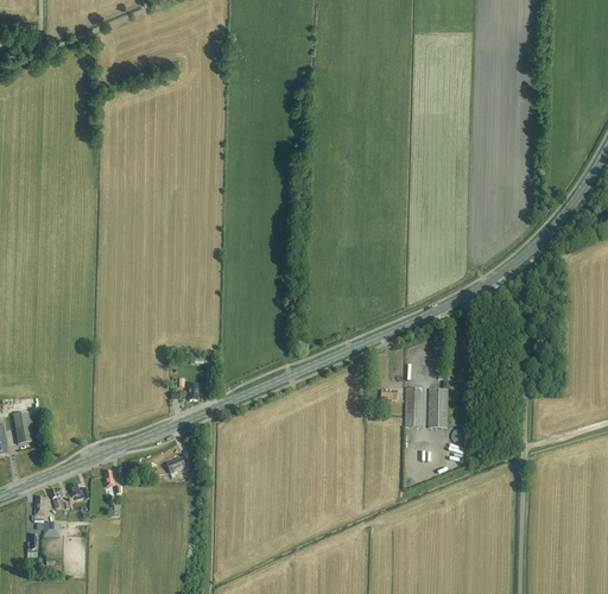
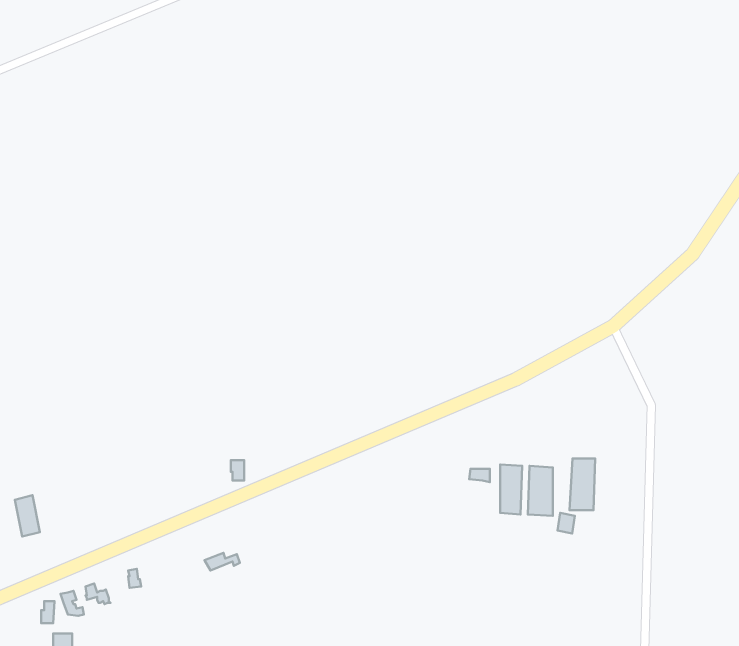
building: none -> [569,458,595,510]

